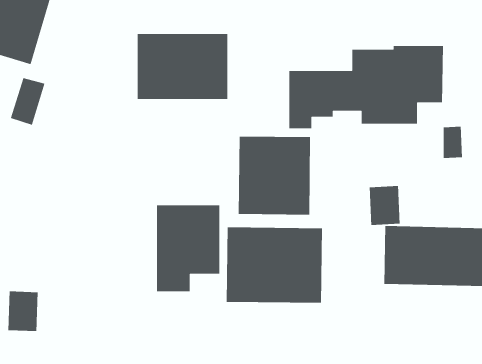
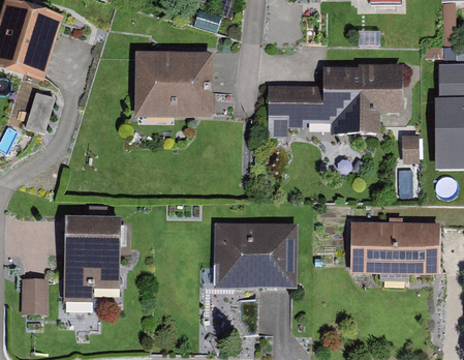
building: [238,136,311,216] -> none
building: [369,185,400,226] -> none
building: [156,205,220,292] -> [65,219,121,296]

